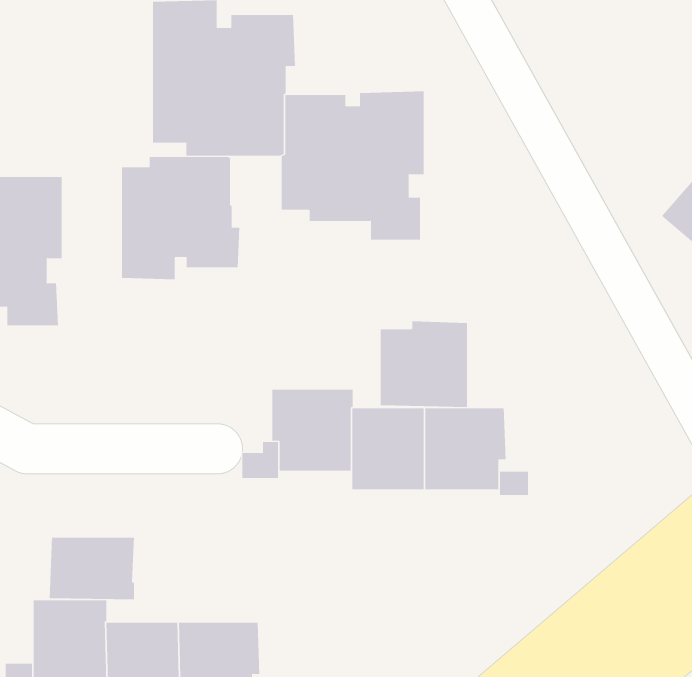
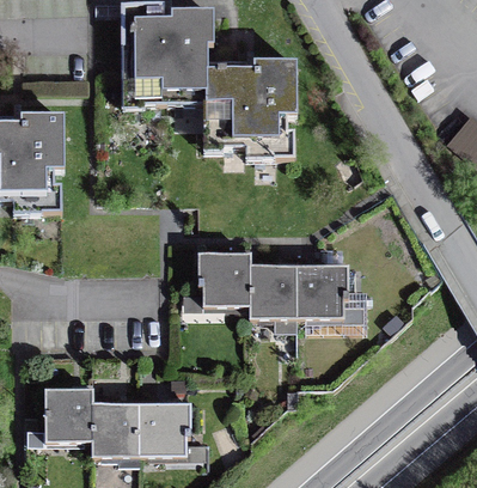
building: [121,156,240,280] -> none
building: [380,320,467,408] -> none
building: [49,537,135,600] -> none

